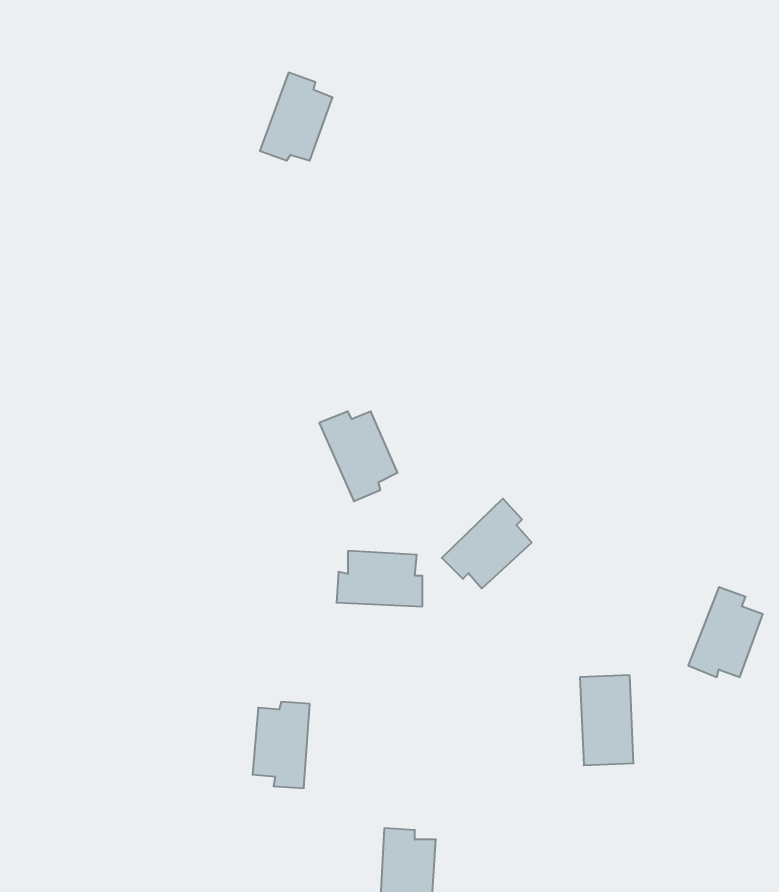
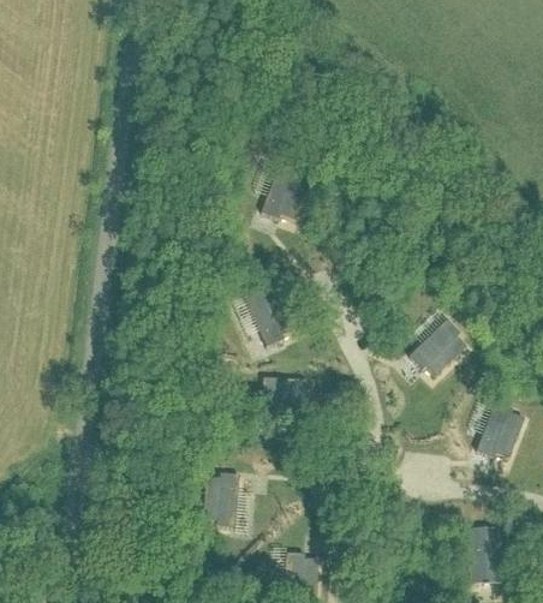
building: [260,73,333,161] -> [261,162,306,217]
building: [442,499,532,588] -> [408,318,465,375]
building: [580,675,634,765] -> [467,526,501,583]

